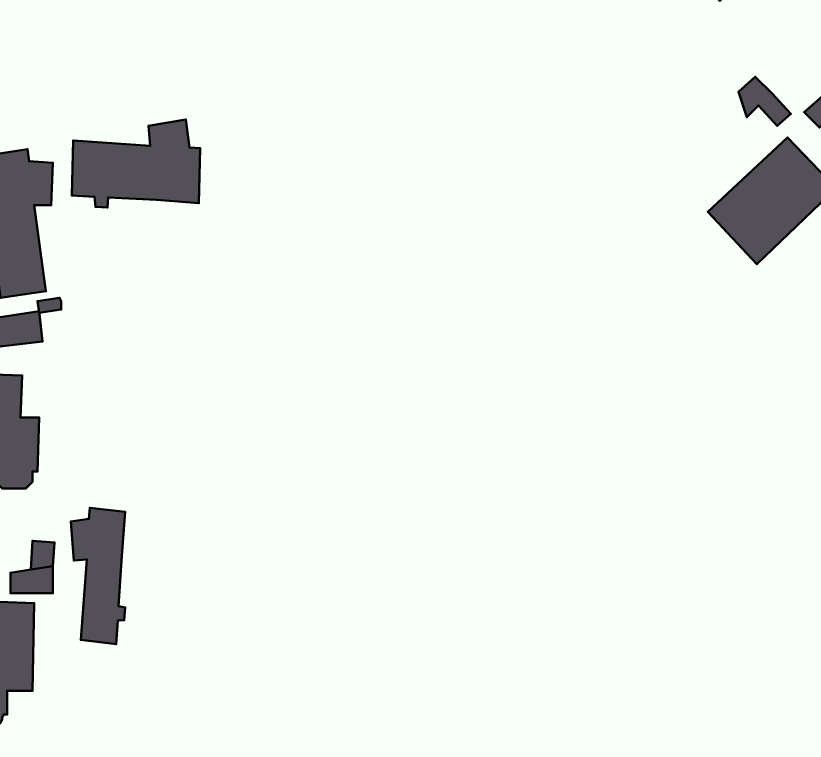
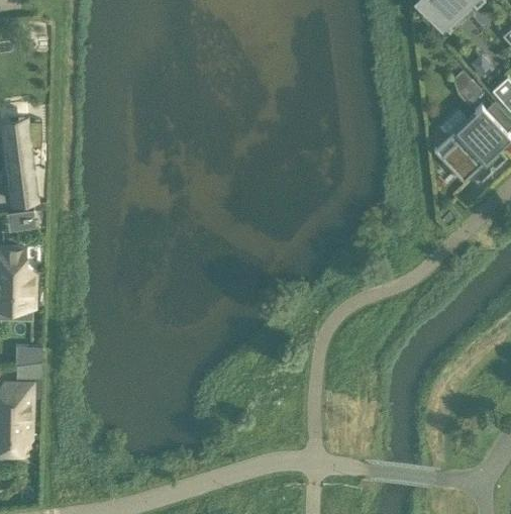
building: [72,120,200,208] -> none
building: [71,508,125,644] -> none

